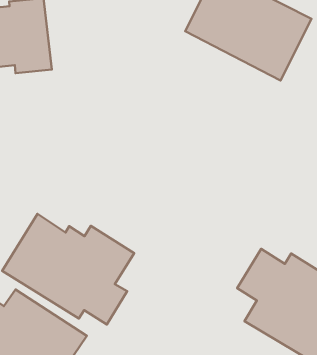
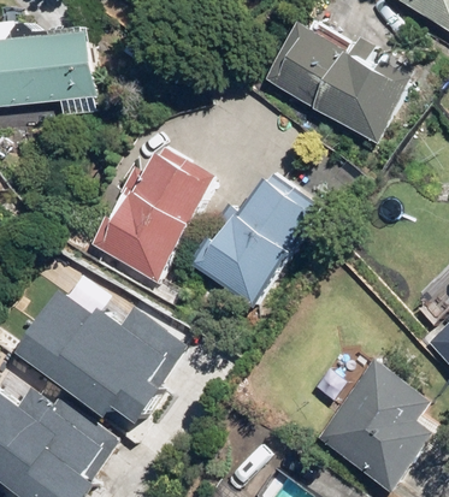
building: none -> [84,144,214,282]
building: none -> [193,166,326,308]

